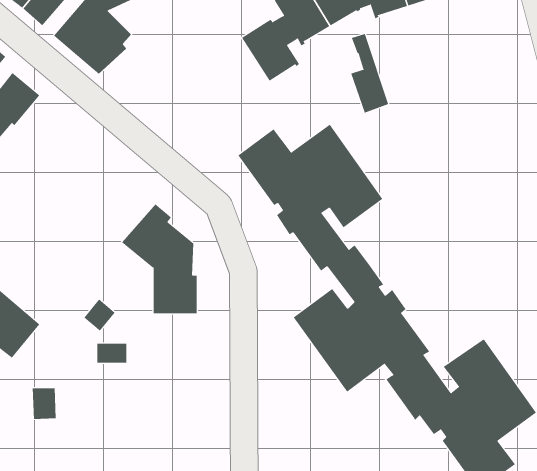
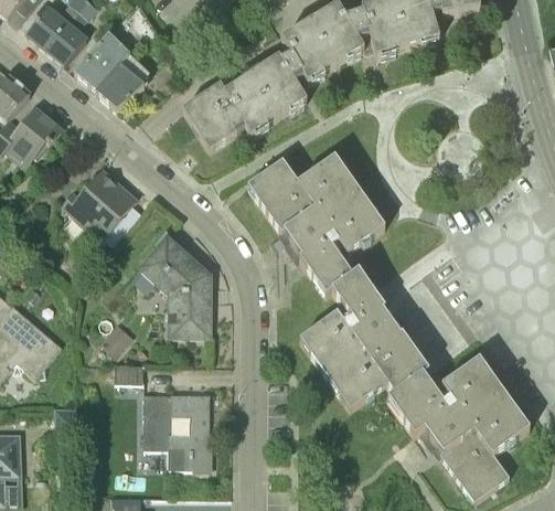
building: [350,33,389,114] -> none
building: none -> [182,75,277,150]
building: none -> [61,160,137,239]
building: none -> [143,392,212,467]

